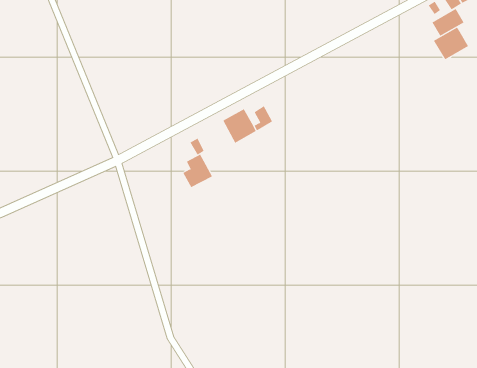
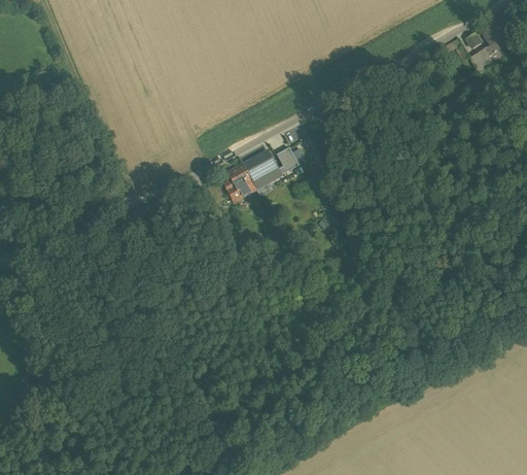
building: [433,27,469,60] -> none
building: [182,154,213,188] -> [224,163,257,200]

